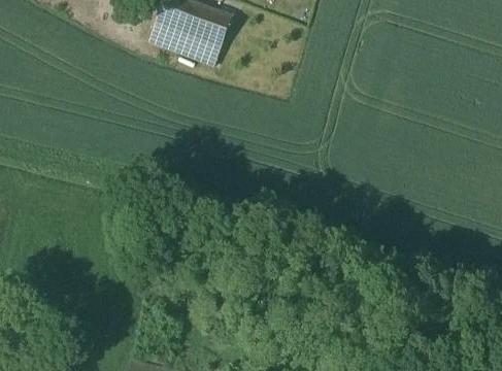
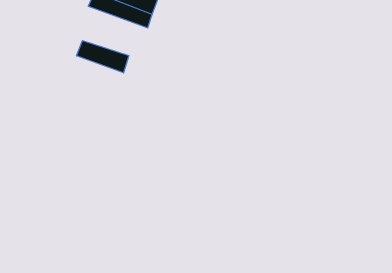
building: none -> [77,41,129,73]

